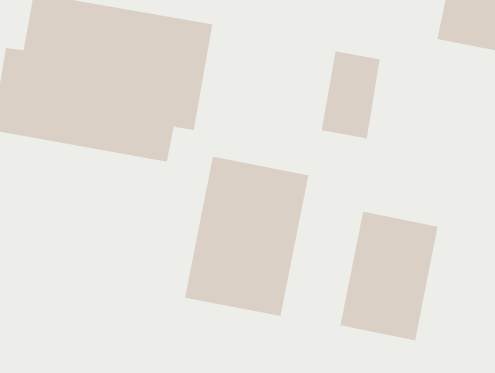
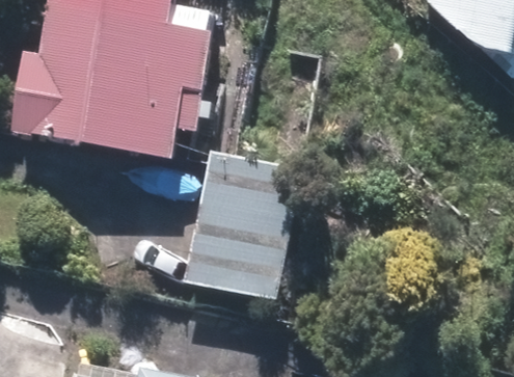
building: [340,211,438,341] -> none

